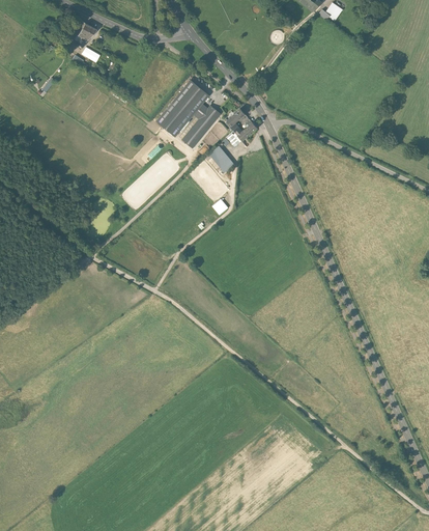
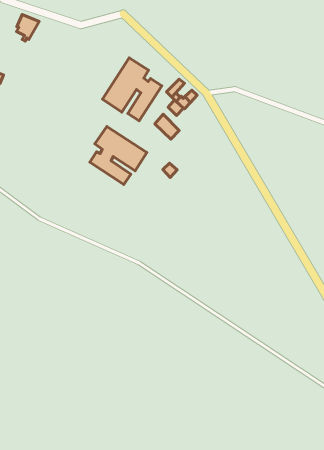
building: none -> [90,126,147,184]

